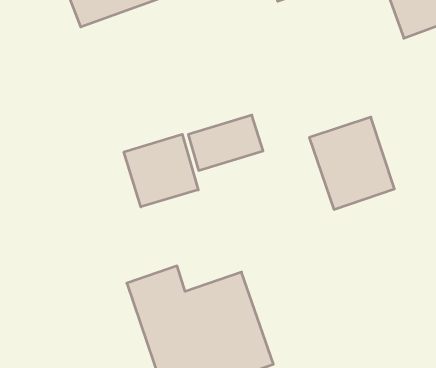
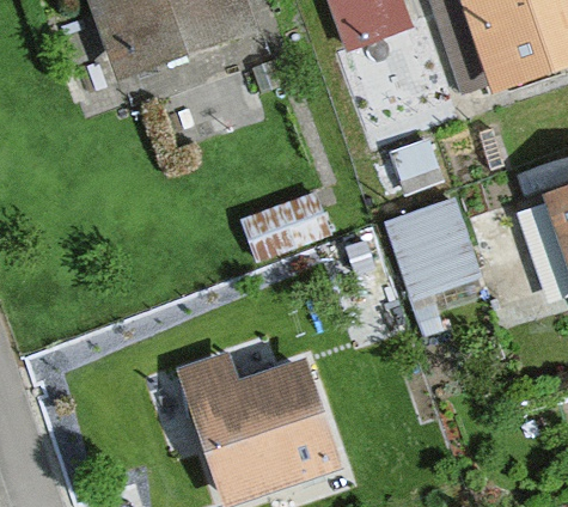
building: [124,134,198,207] -> none

